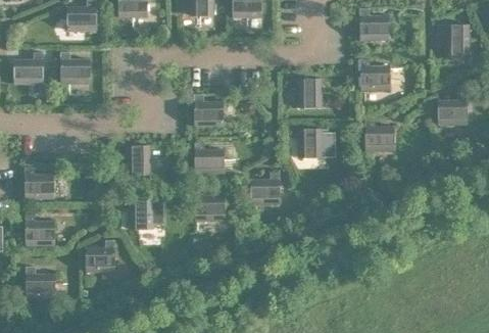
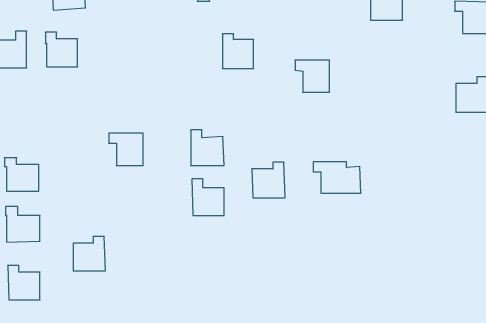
building: [360,57,390,90] -> none
building: [194,93,223,125] -> [222,34,254,68]
building: [364,117,395,151] -> none
building: [292,127,336,155] -> [313,162,361,193]
building: [123,198,163,228] -> none

